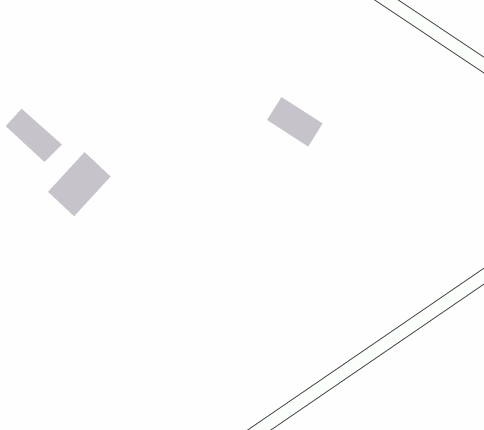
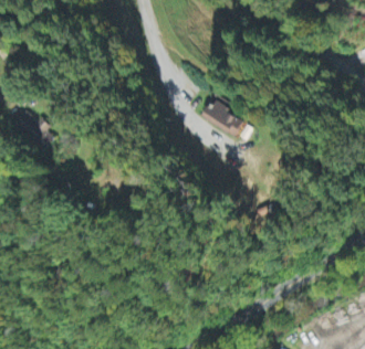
building: [47,151,111,217] -> none

